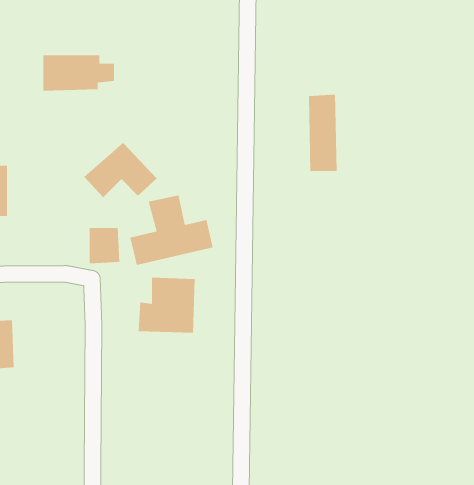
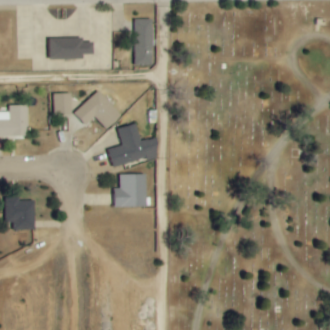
building: [308,94,338,172] -> [134,18,152,65]
building: [89,227,120,264] -> [53,93,72,115]

